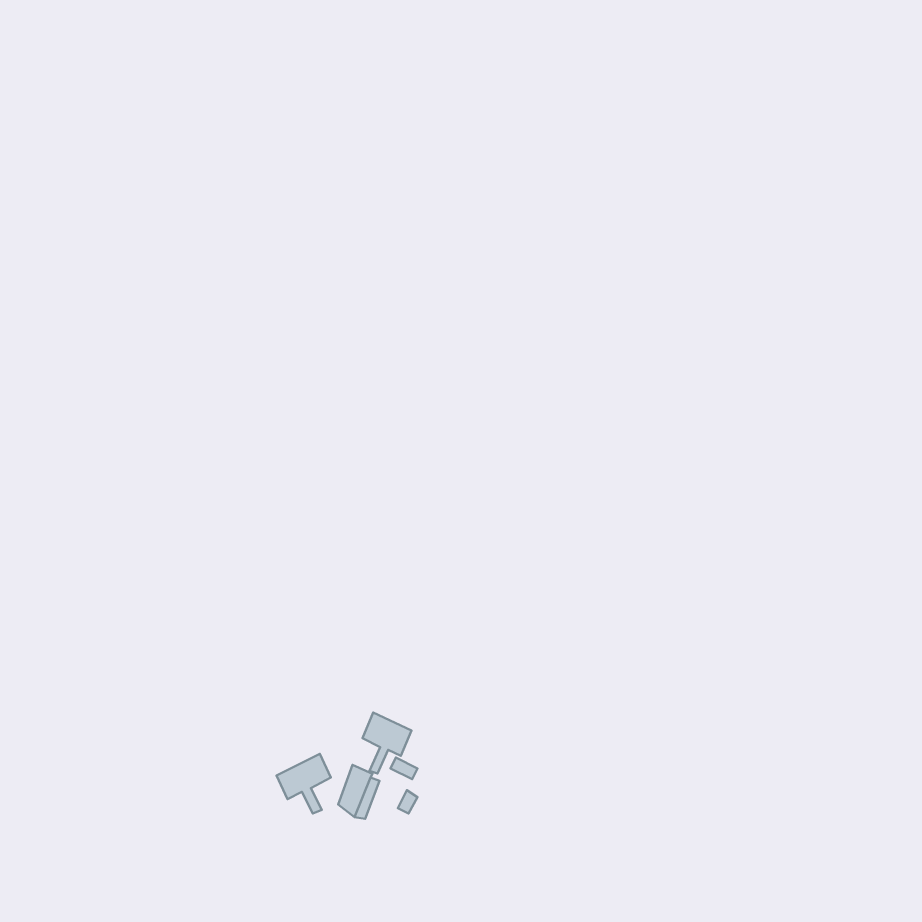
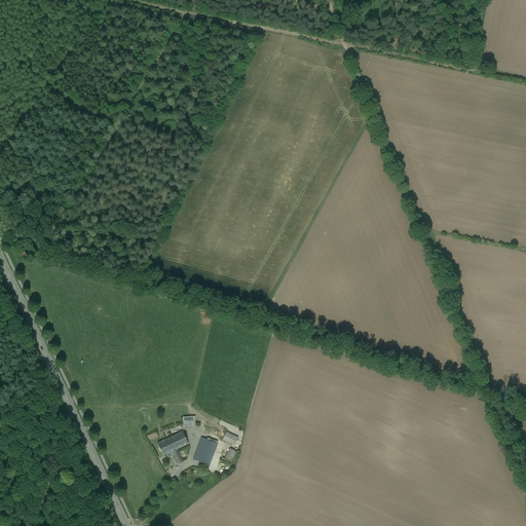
building: [362,713,412,774] -> none

